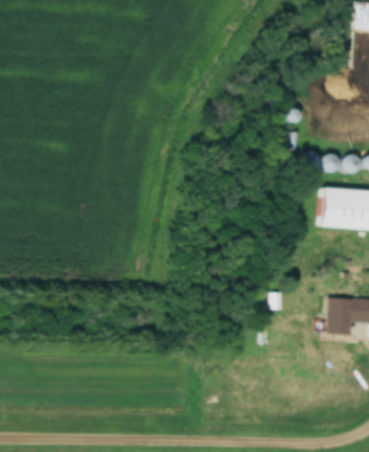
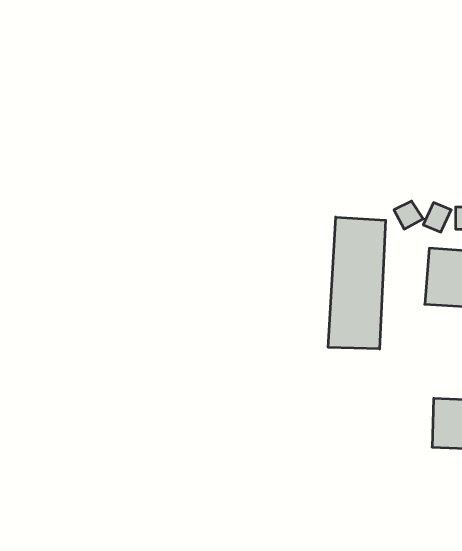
building: none -> [328,217,386,349]

